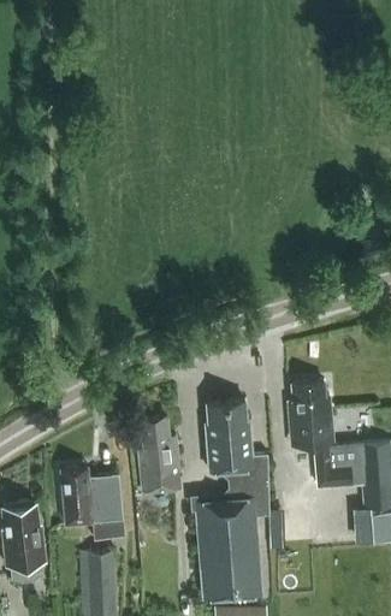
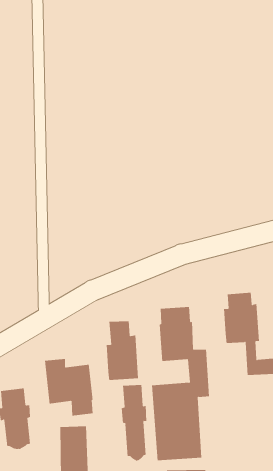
building: none -> [121,384,147,462]

